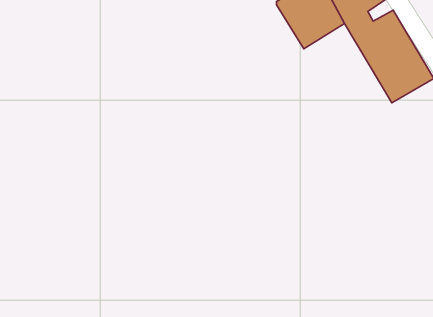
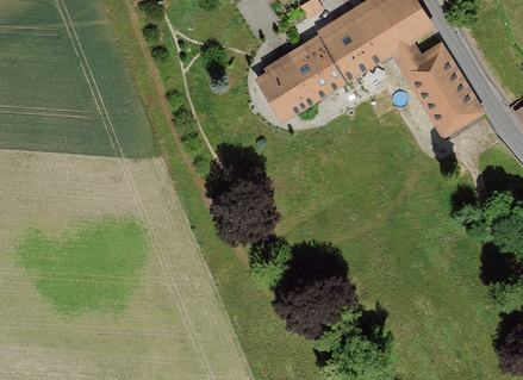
building: none -> [249,33,344,124]

